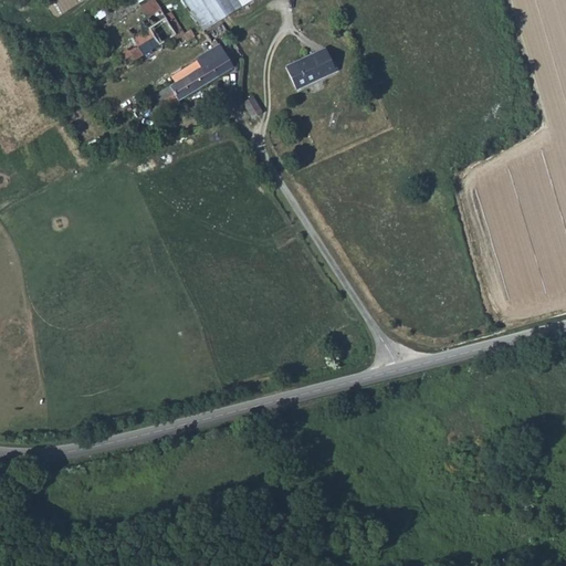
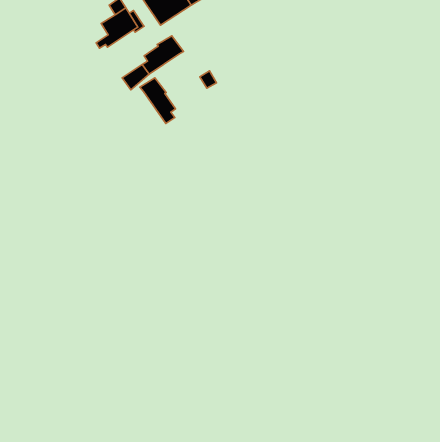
building: [286,44,336,86] -> none
building: none -> [140,78,175,123]

